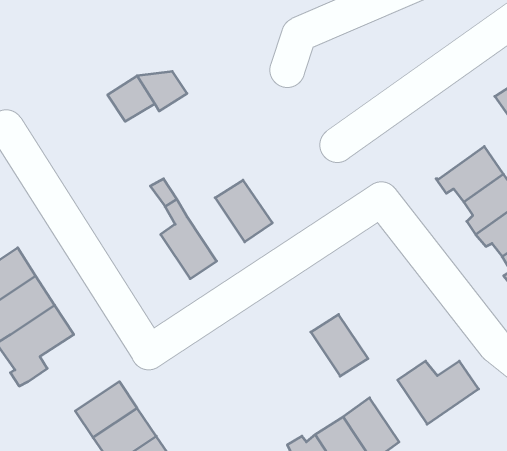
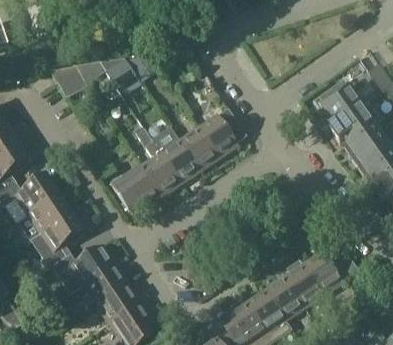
building: none -> [53,63,88,95]
building: none -> [322,82,363,126]
building: none -> [199,106,248,155]
building: none -> [161,138,200,181]
building: none -> [110,163,163,207]
building: [311,314,368,376] -> [285,262,324,304]
building: none -> [53,243,115,291]

